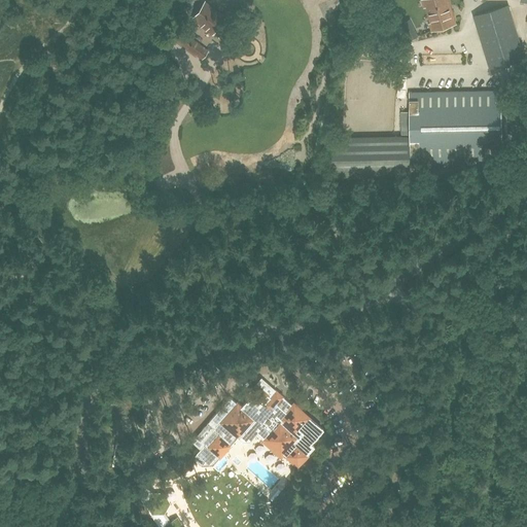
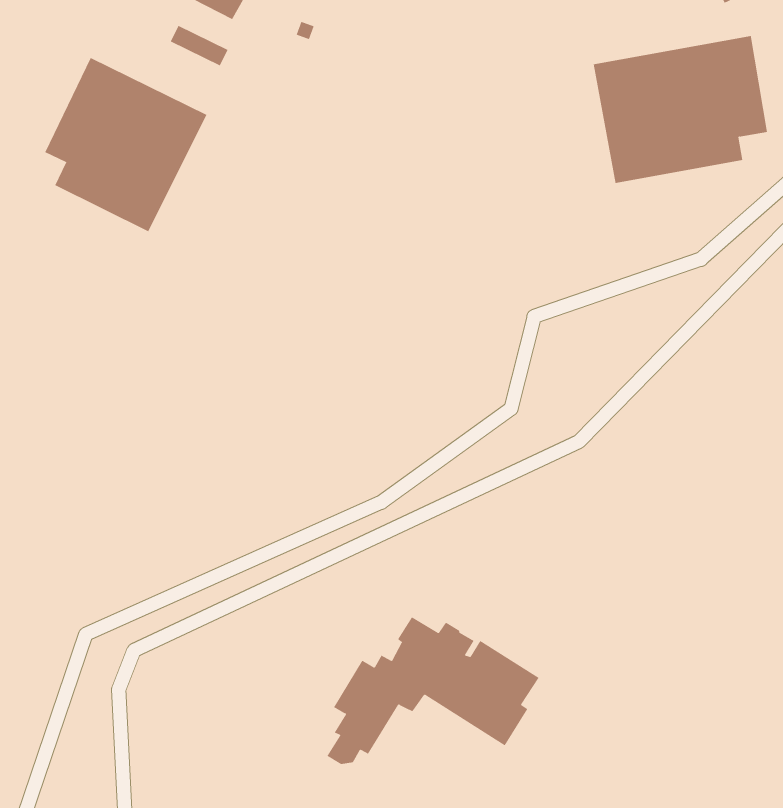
building: none -> [44,57,207,232]

